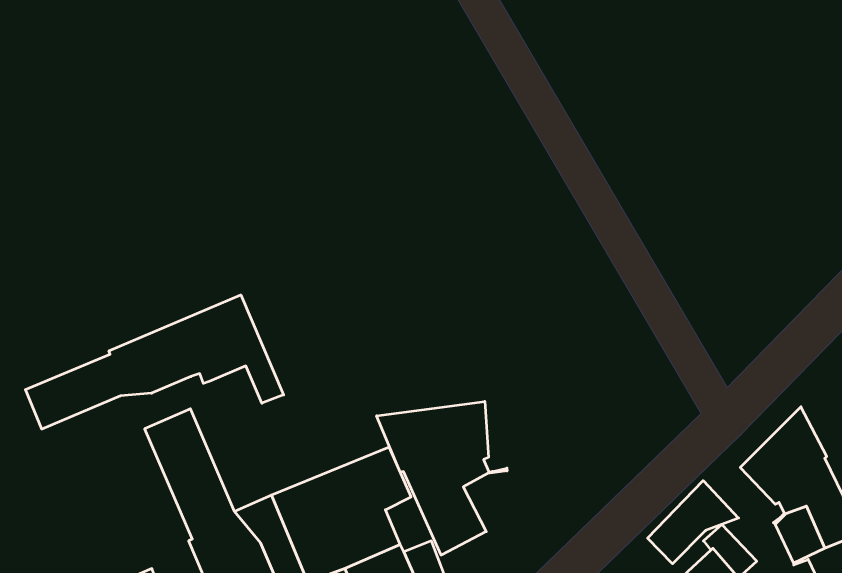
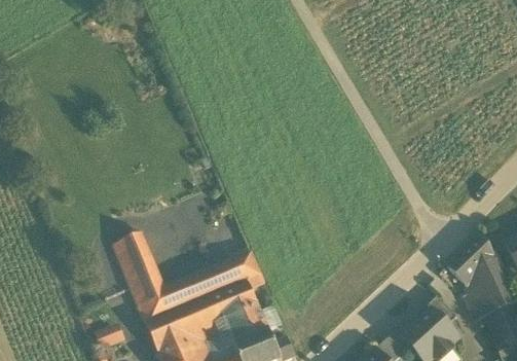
building: [25,295,284,429] -> none
building: [377,401,507,555] -> none
building: [648,481,739,564] -> none

